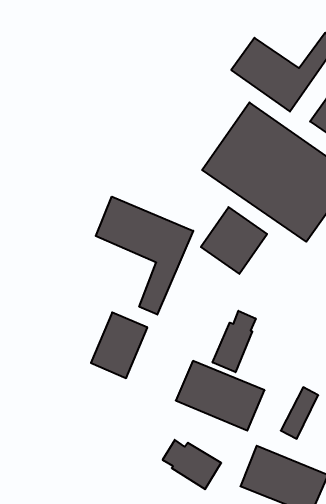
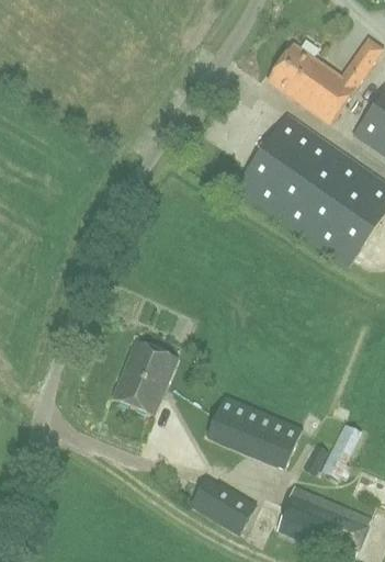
building: [96,197,193,315] -> none
building: [201,207,267,274] -> none
building: [213,311,256,372] -> none

